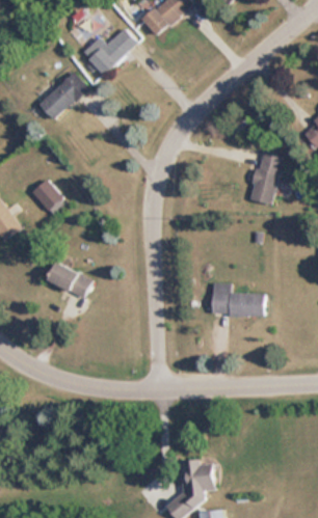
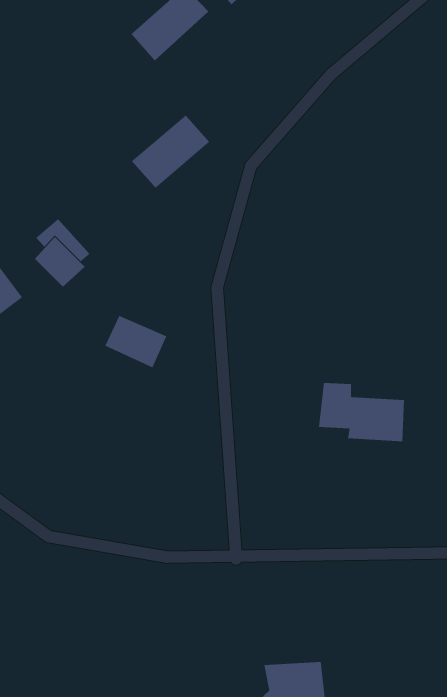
building: [37,71,88,118] -> [131,115,210,189]
building: [251,152,284,203] -> none
building: [52,264,92,298] -> [105,315,167,368]

